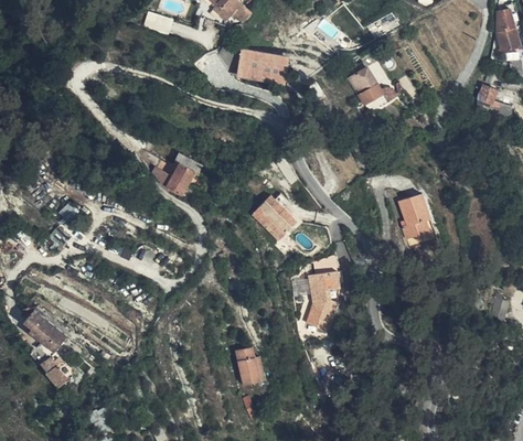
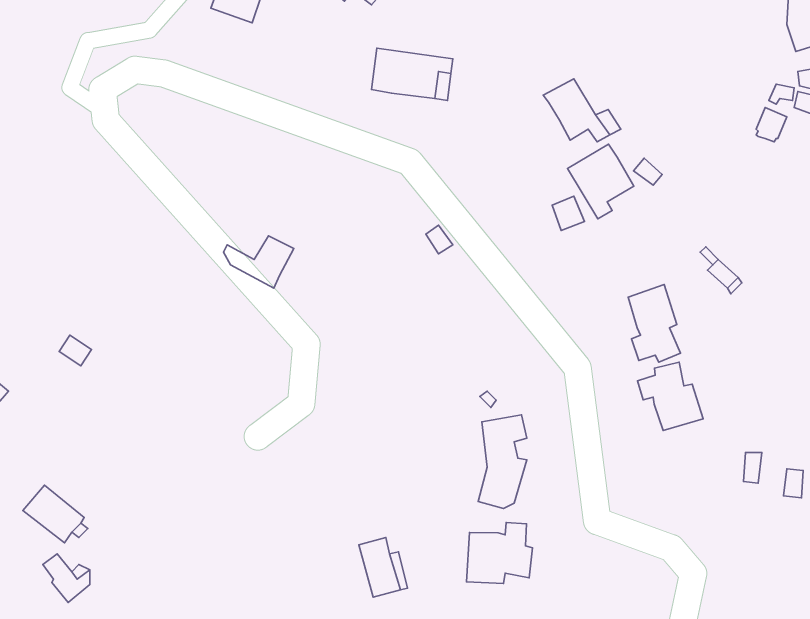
building: none -> [568,144,634,219]
building: [250,195,296,239] -> none
building: none -> [637,362,703,430]
building: none -> [466,522,532,583]

